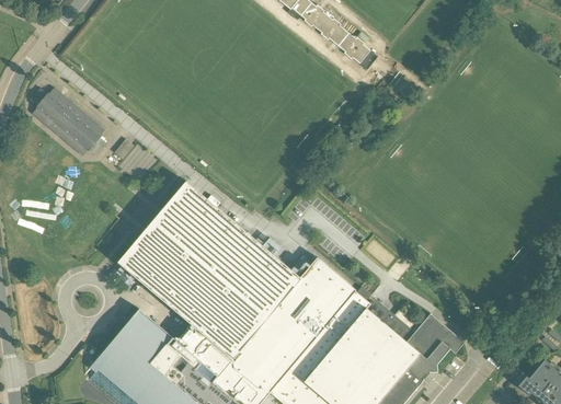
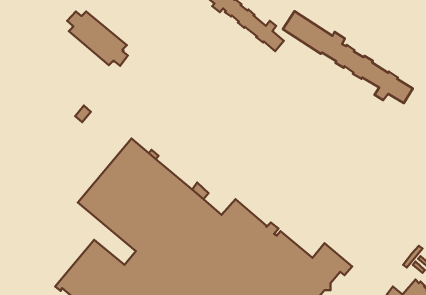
building: none -> [283,11,413,103]
building: [30,88,106,157] -> [67,11,128,66]

